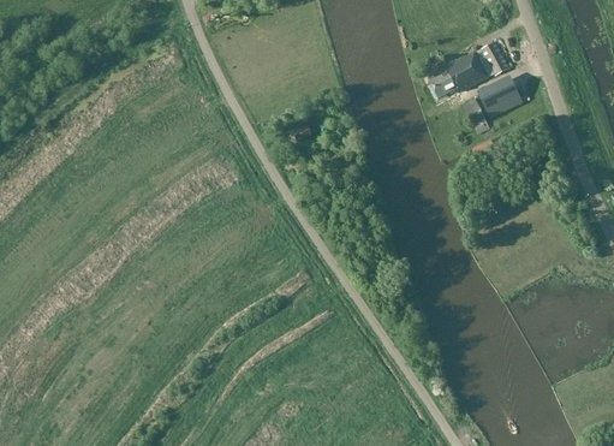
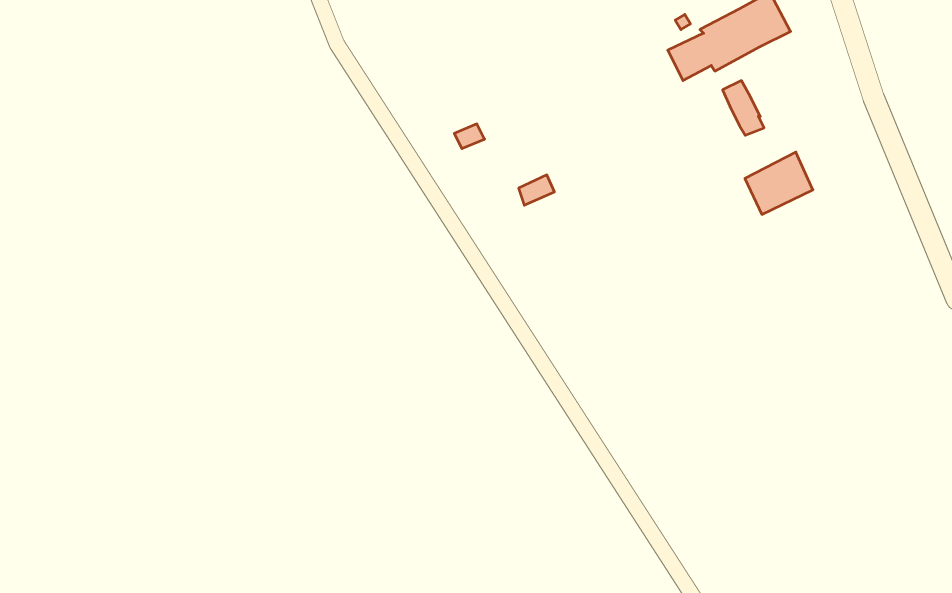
building: [479,77,523,117] -> [745,152,813,214]

